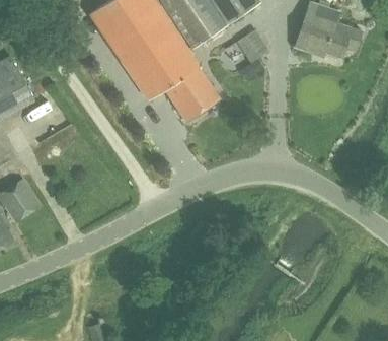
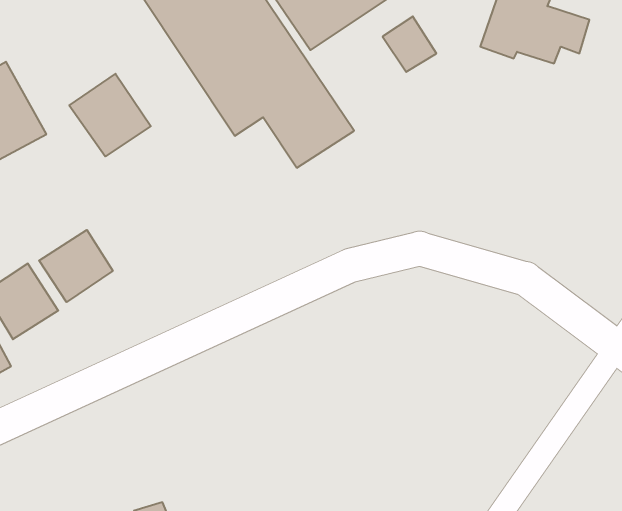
building: none -> [69,74,151,156]
building: none -> [39,230,113,302]

